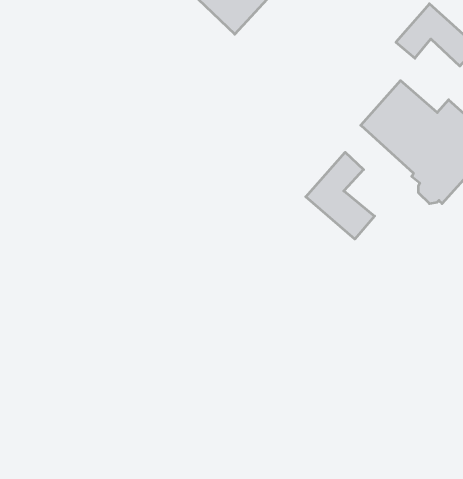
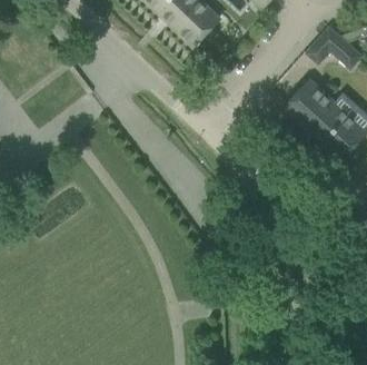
building: [306,152,375,239] -> none

